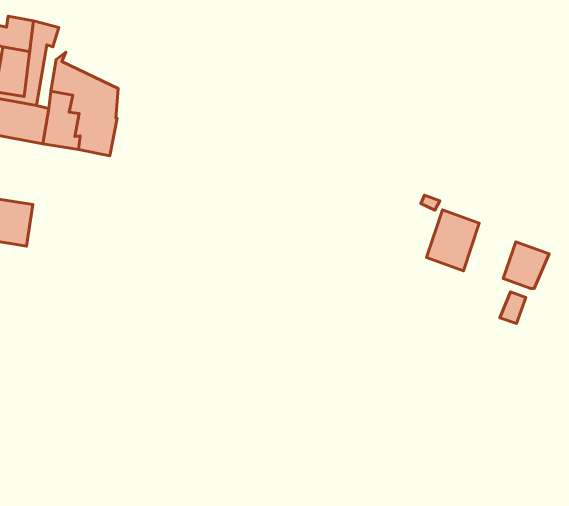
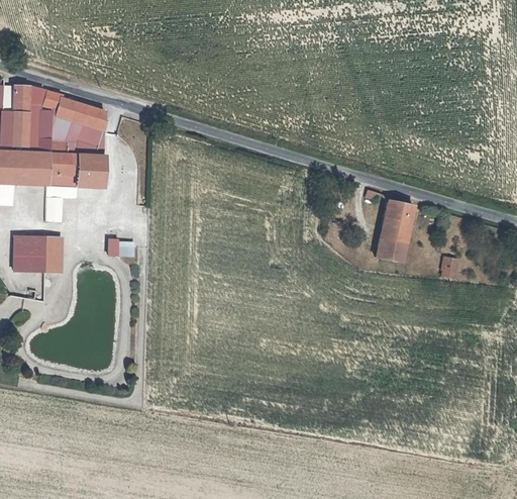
building: none -> [48,90,108,133]
building: none -> [48,236,65,264]
building: [503,242,549,289] -> none
building: none -> [371,239,405,263]

